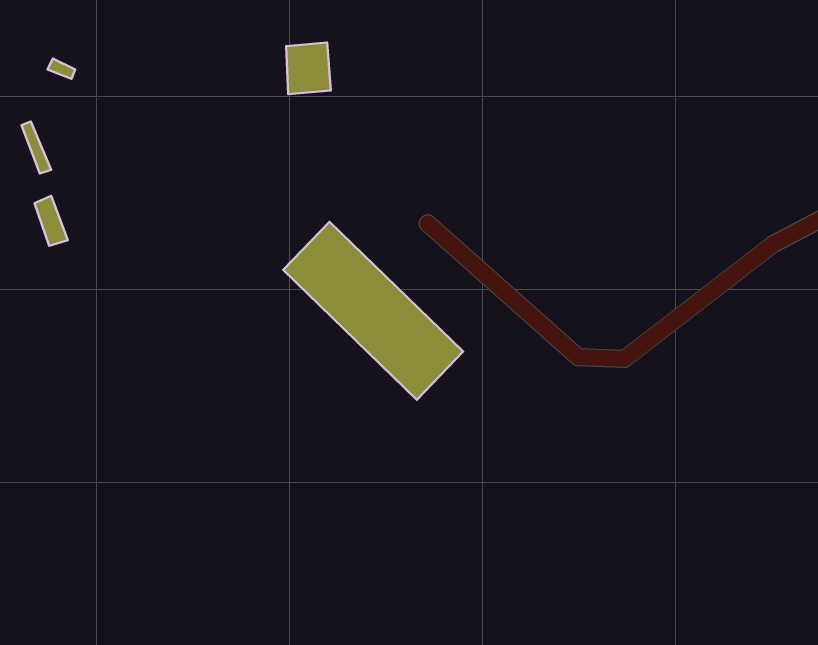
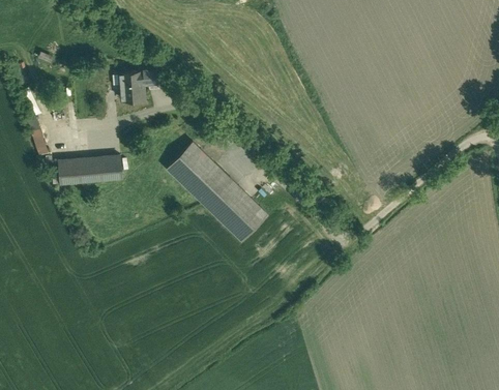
building: [286,42,331,94] -> [120,70,145,99]
building: none -> [52,155,122,183]

